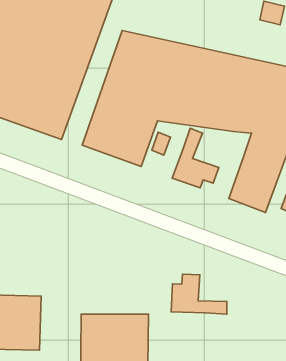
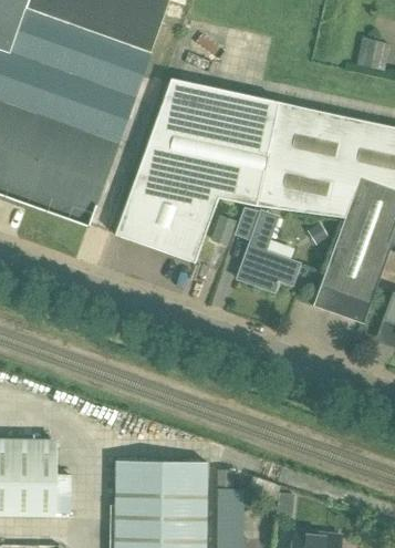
building: [171,274,227,314] -> none
building: none -> [216,489,242,519]

